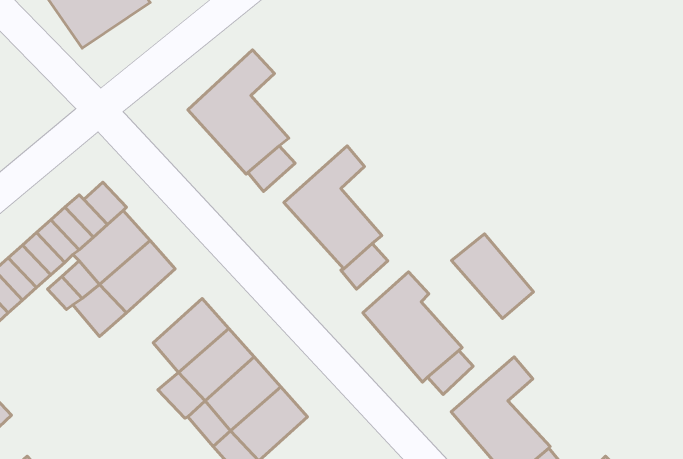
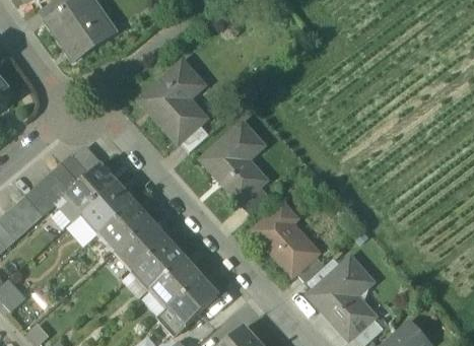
building: [451,234,534,319] -> none
building: none -> [101,201,150,249]

